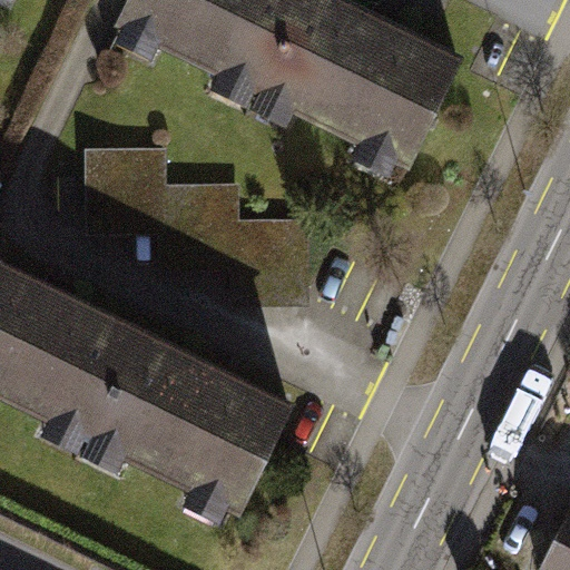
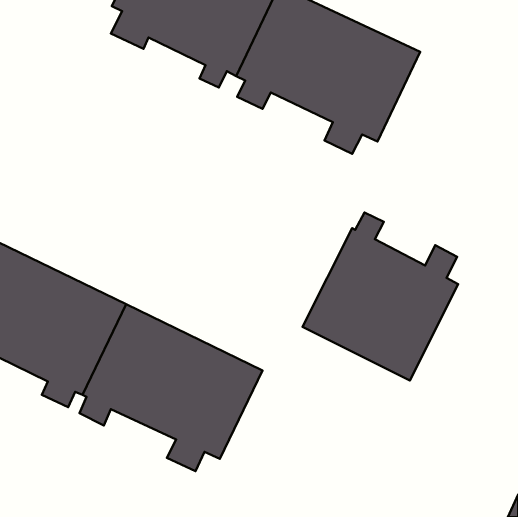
building: [89,150,305,296] -> none
building: none -> [303,212,458,380]

